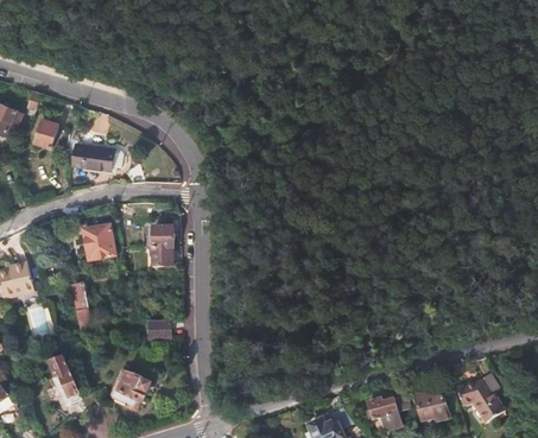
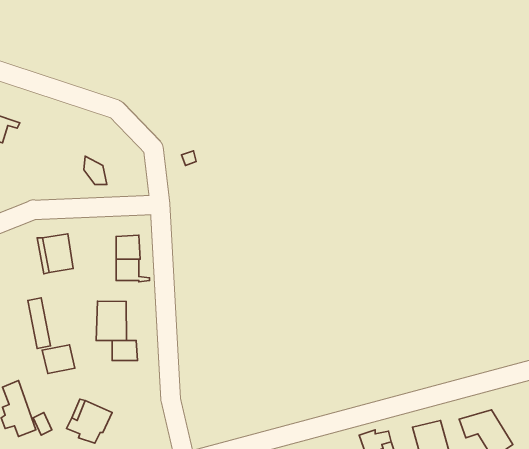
building: [74,142,115,167] -> none
building: none -> [96,301,126,341]
building: none -> [42,345,75,373]

